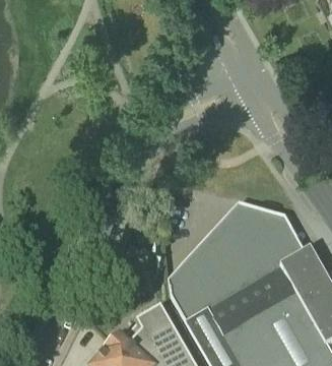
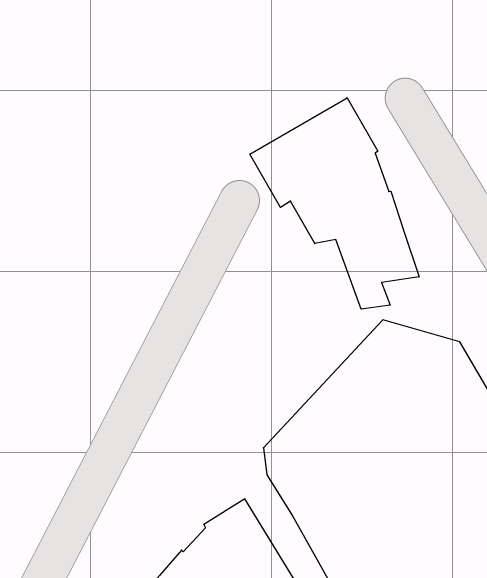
building: none -> [250,98,419,309]

